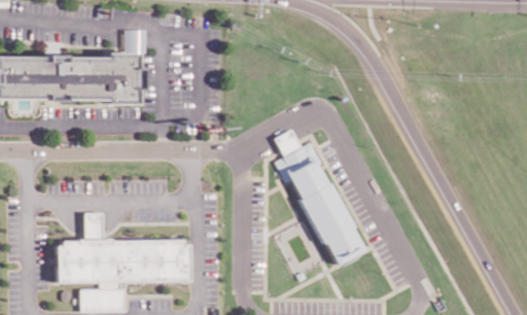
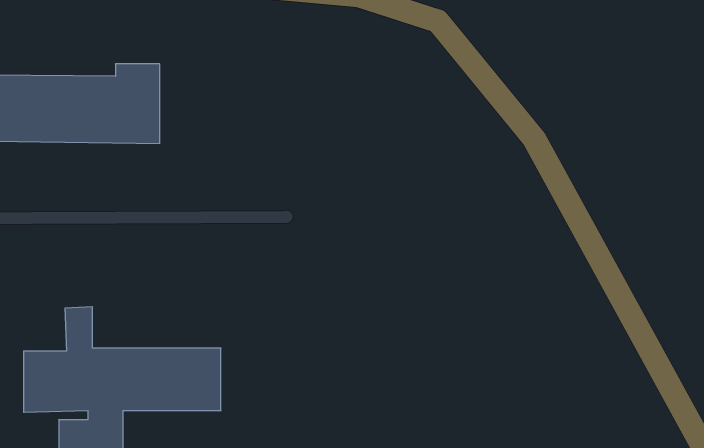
building: [274,130,362,267] -> none

